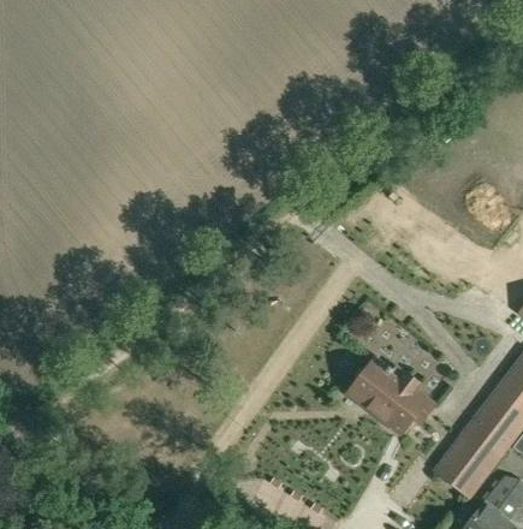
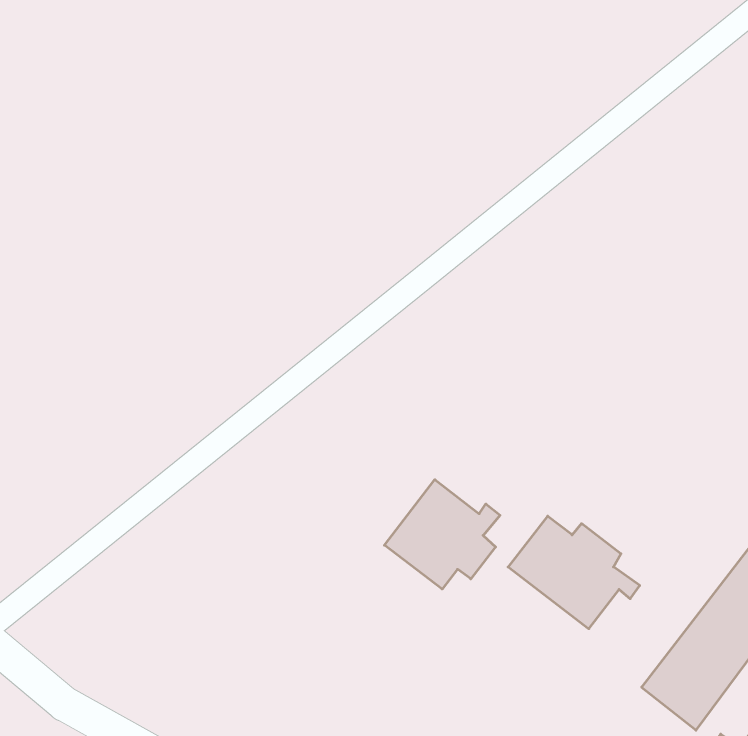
building: none -> [384,480,500,589]

